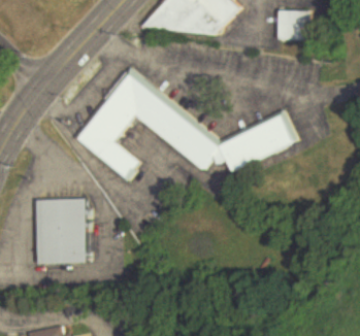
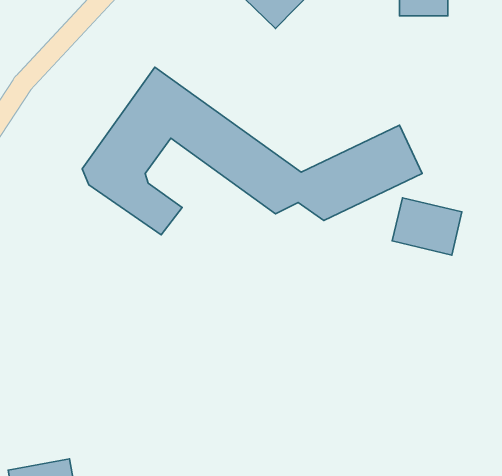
building: none -> [392,198,462,255]
building: [39,198,90,264] -> none

